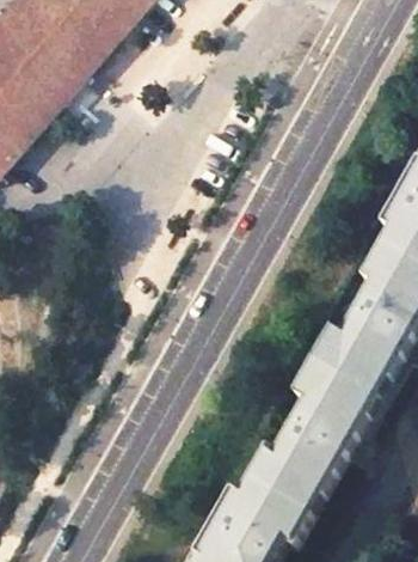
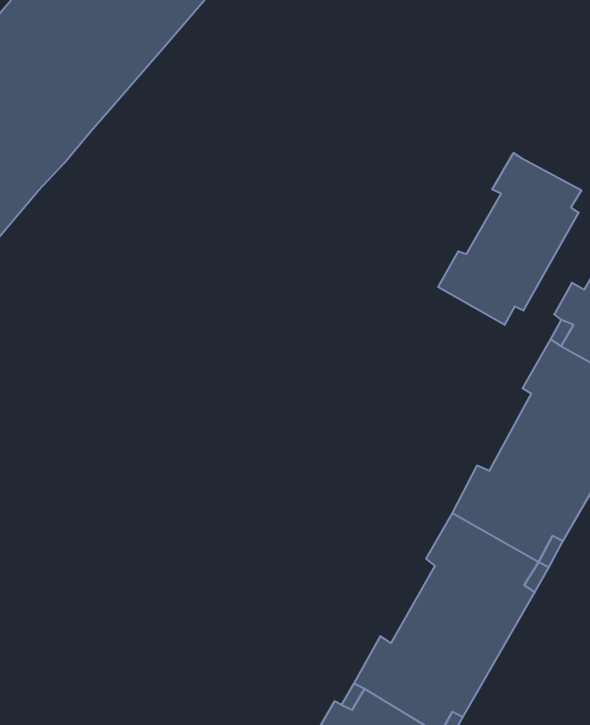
building: none -> [438,153,581,325]

